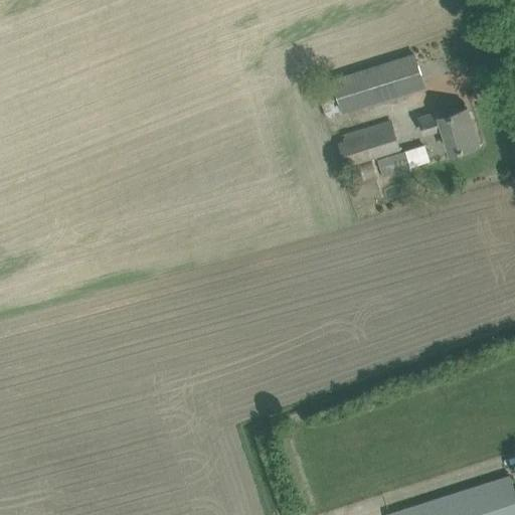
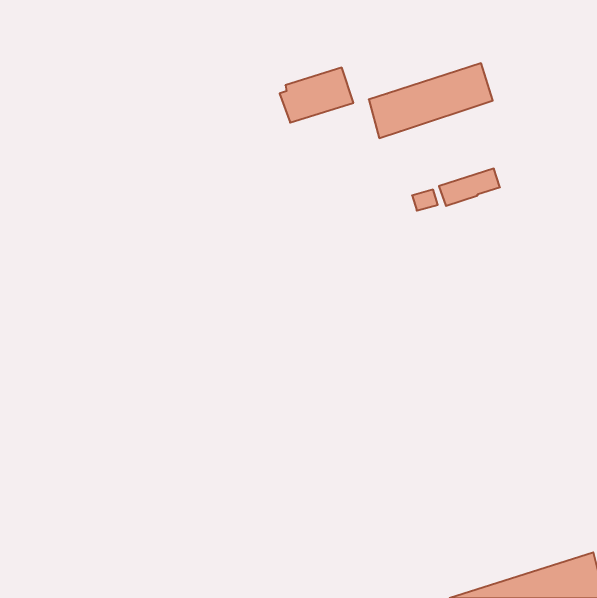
building: [420,109,479,152] -> none
building: [338,120,401,167] -> [280,68,353,123]

